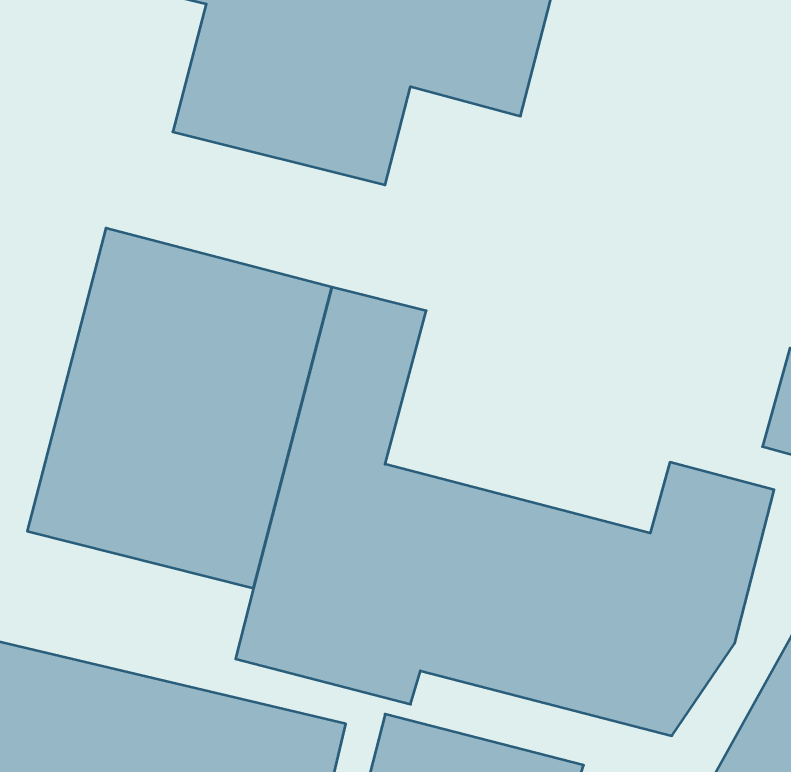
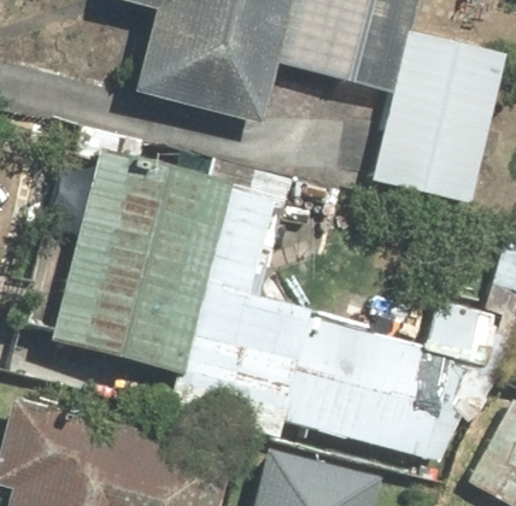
building: none -> [376,29,508,205]

